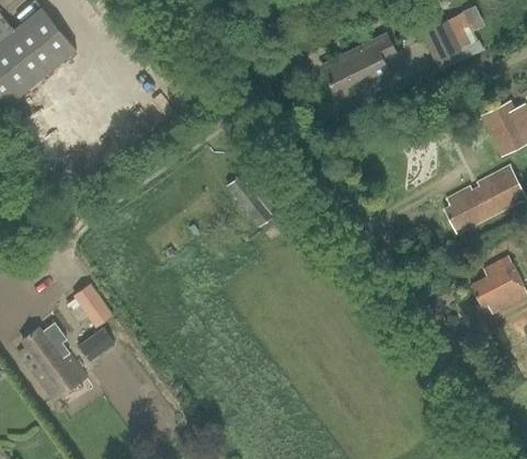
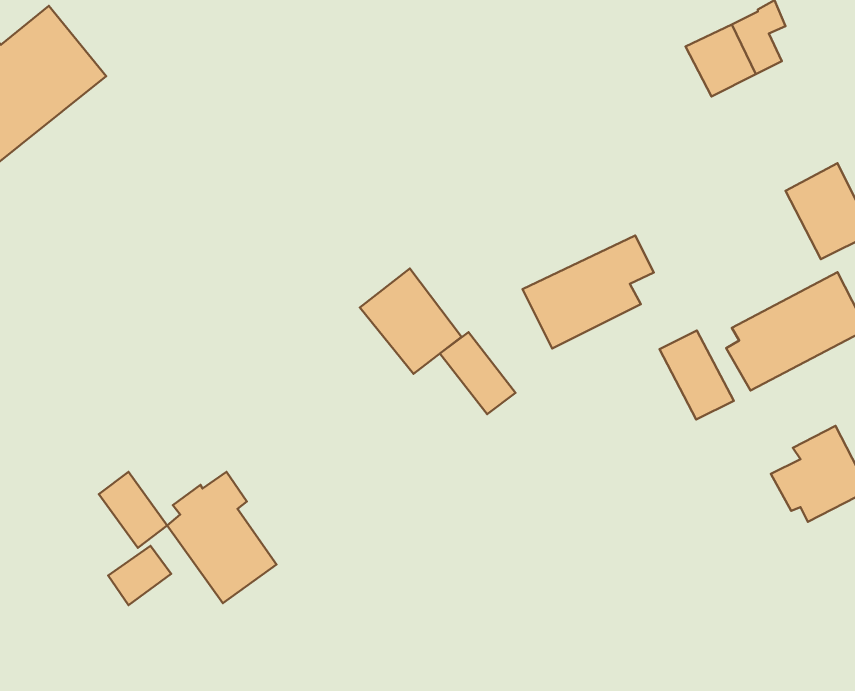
building: [321,34,399,101] -> [522,236,654,349]
building: none -> [659,330,734,420]
building: none -> [440,332,516,414]
building: [20,322,84,400] -> [167,472,277,603]

